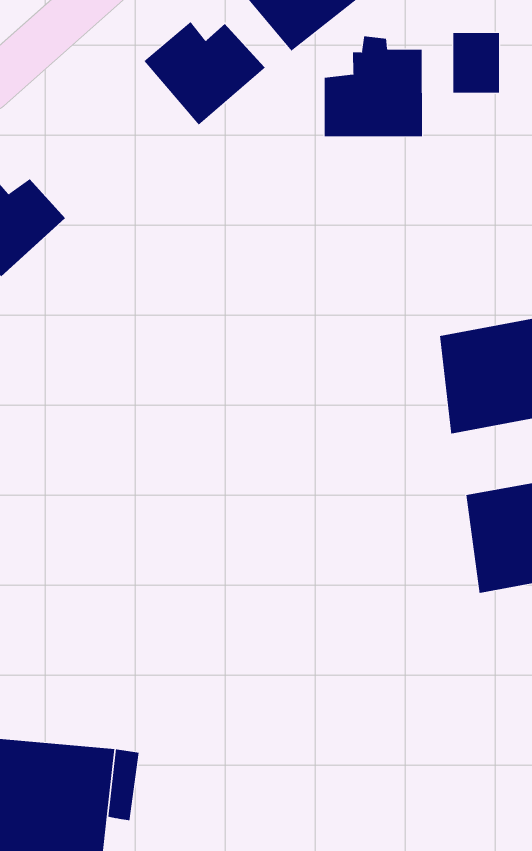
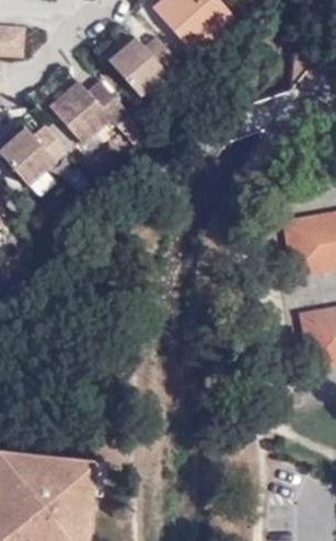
building: [324,36,422,137] -> none
building: none -> [51,82,131,143]

